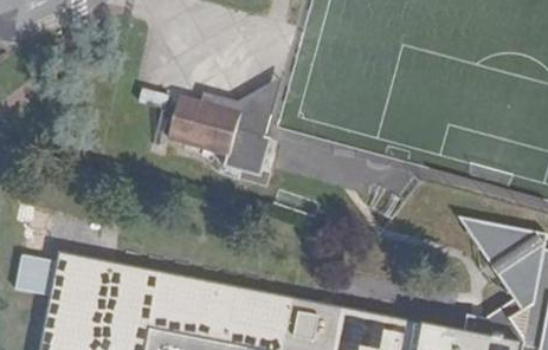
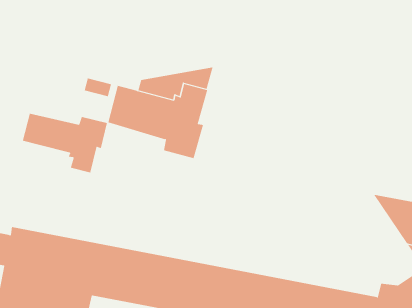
building: none -> [22,113,107,174]

